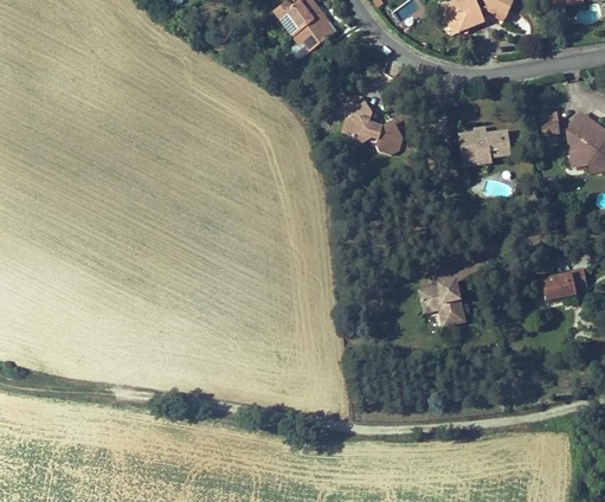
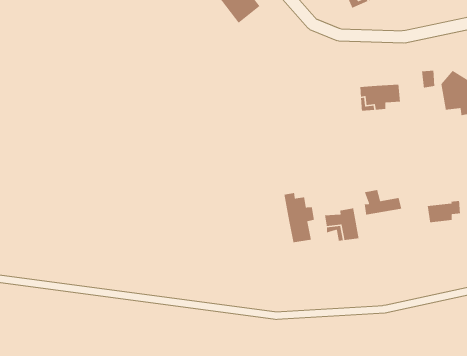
building: [342,91,404,152] -> none
building: none -> [364,189,402,216]
building: none -> [284,192,315,243]

